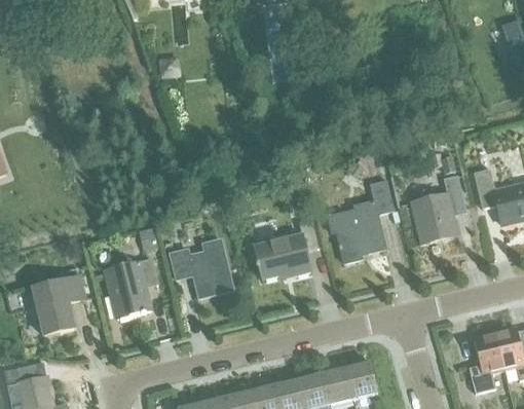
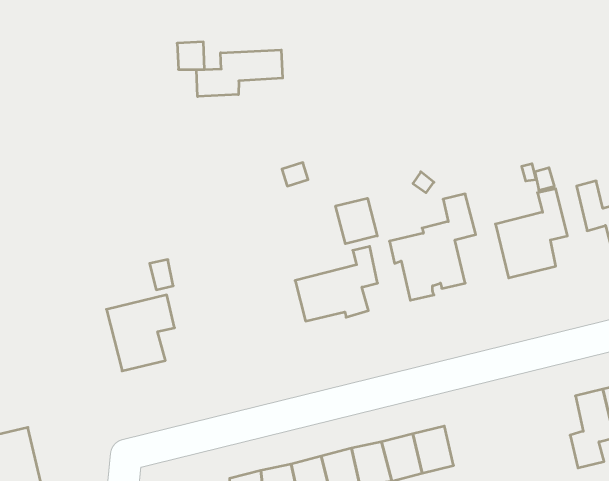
building: none -> [197,50,283,97]
building: none -> [336,198,377,244]
building: [170,239,233,298] -> none
building: [32,266,85,336] -> none

